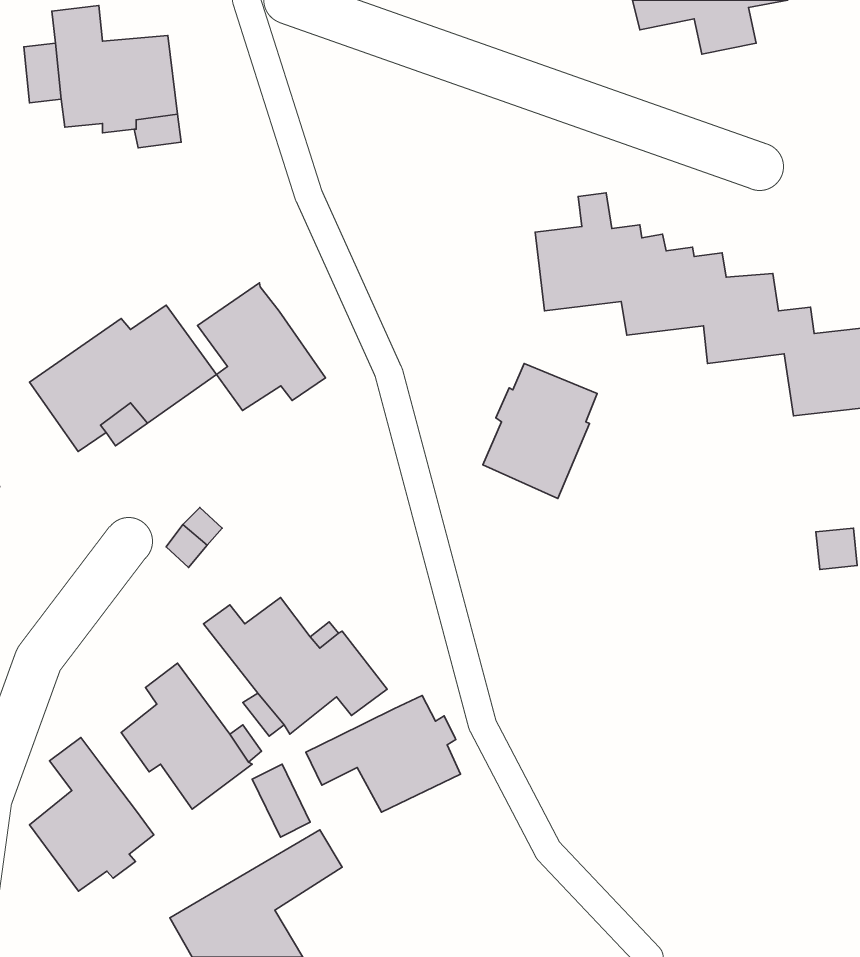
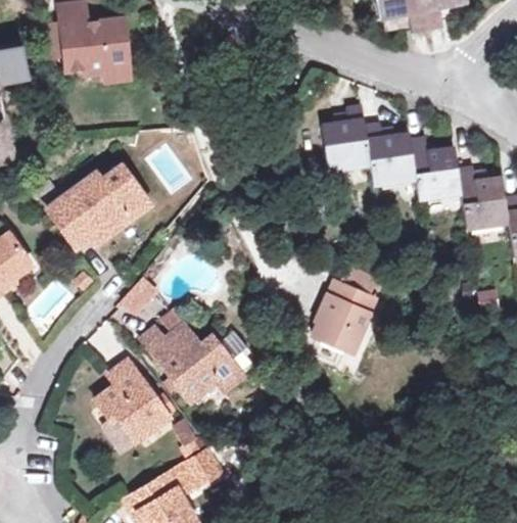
building: [198,283,326,411] -> none
building: [483,364,597,498] -> [311,281,373,354]
building: [306,695,460,812] -> none
building: [30,737,154,891] -> none

